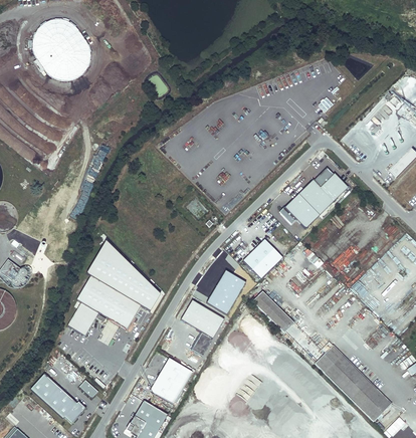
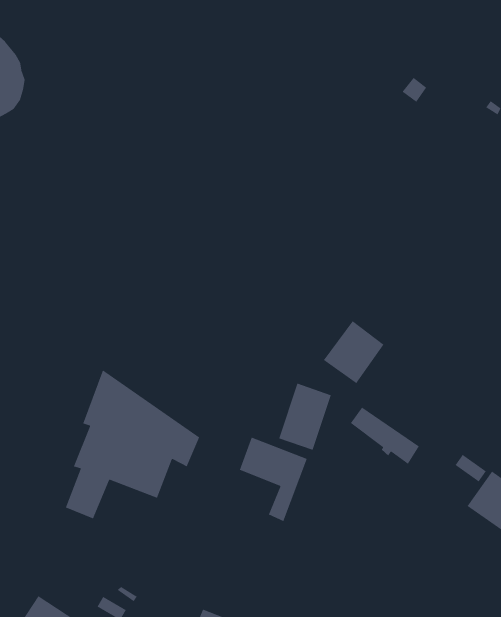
building: [275,165,345,226] -> none
building: [149,358,192,404] -> none

